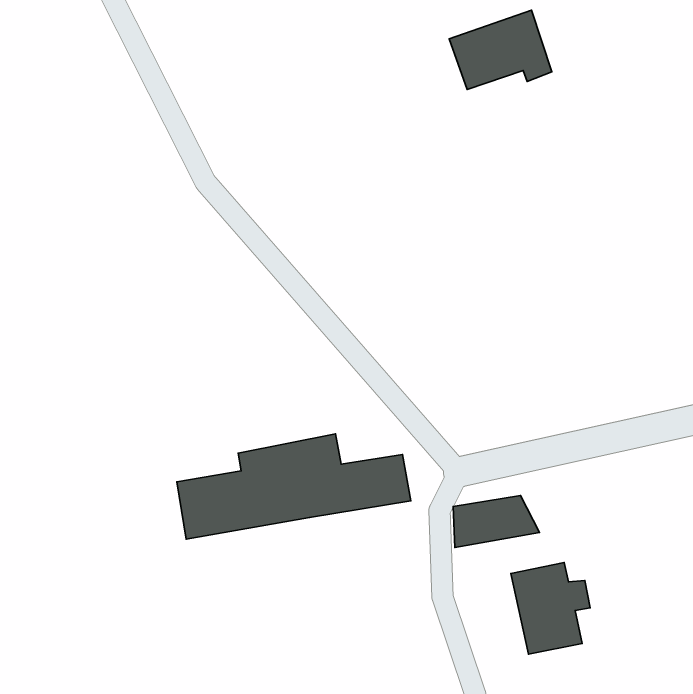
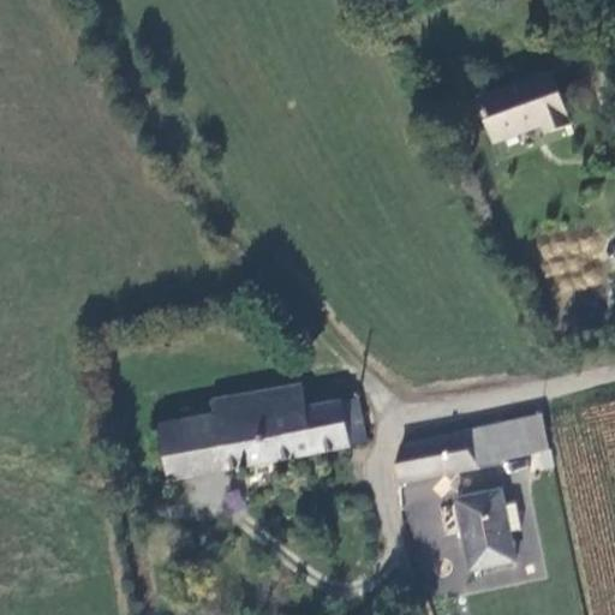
building: [449,10,552,90] -> [478,71,568,141]
building: none -> [462,424,532,467]

